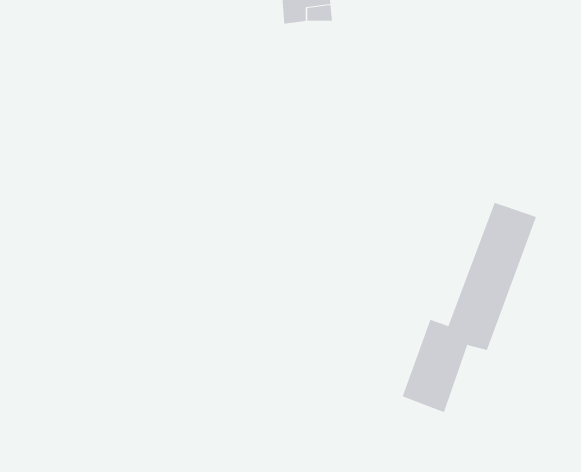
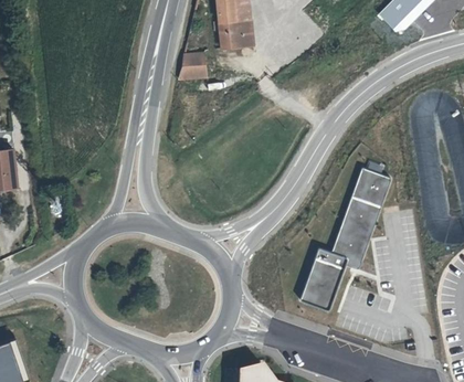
building: none -> [182,56,210,78]

